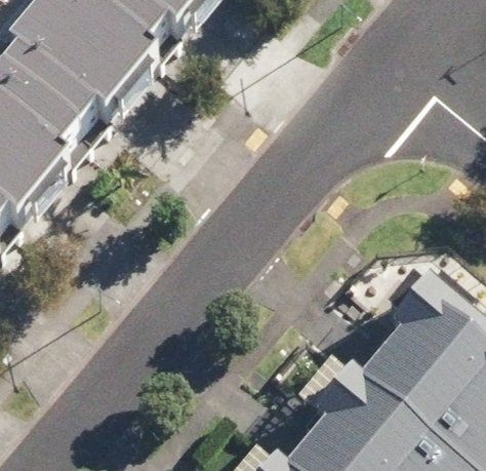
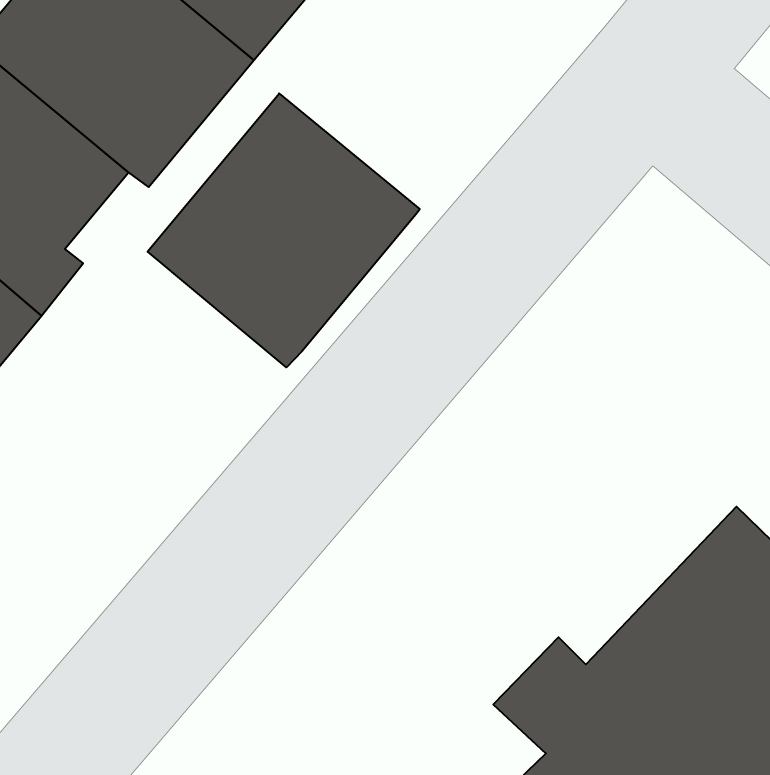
building: none -> [148,93,420,367]

